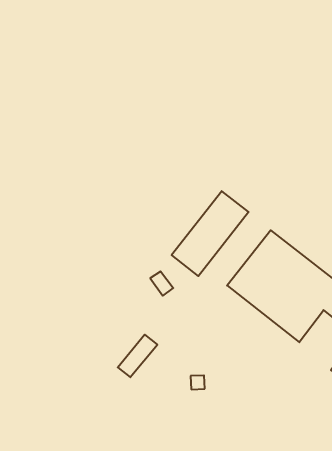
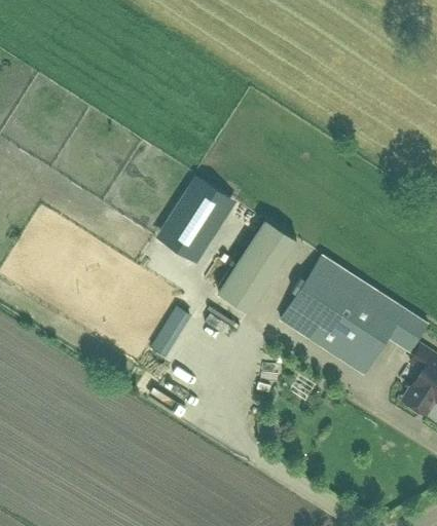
building: none -> [157,177,225,256]
building: [118,335,157,377] -> [151,308,191,355]

